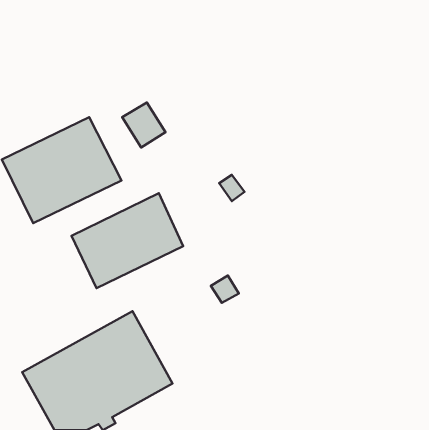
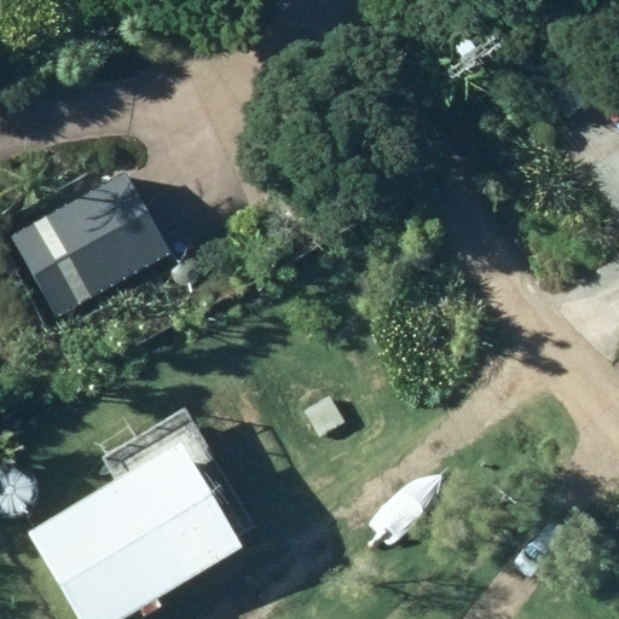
building: [71,193,183,288] -> none

